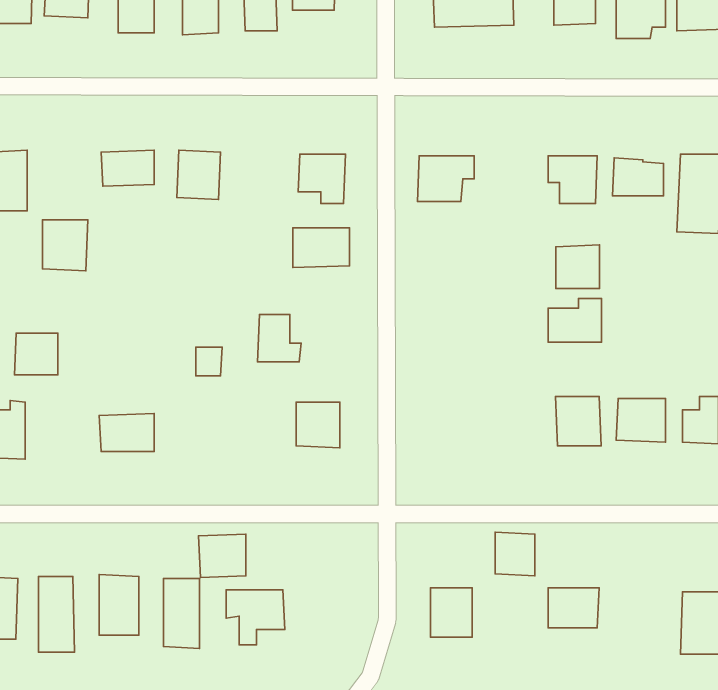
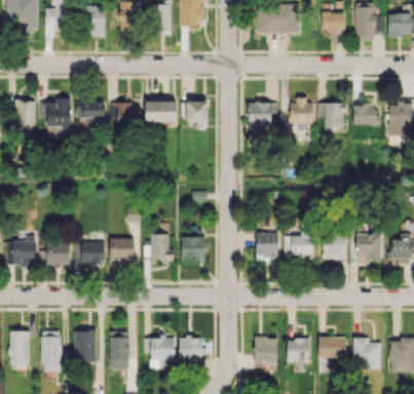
building: [42,220,88,271] -> [47,100,72,127]
building: [293,228,350,268] -> [146,101,177,122]
building: [556,245,600,288] -> [290,100,313,123]
building: [548,299,601,342] -> [285,231,313,254]
building: [258,315,301,362] -> [151,234,175,260]
building: [14,333,58,375] -> [46,242,70,265]
building: none -> [256,232,278,258]
building: none -> [110,238,134,262]
building: [495,532,535,576] -> [288,338,309,361]
building: [199,534,246,578] -> [179,337,204,360]
building: none -> [353,338,381,368]

